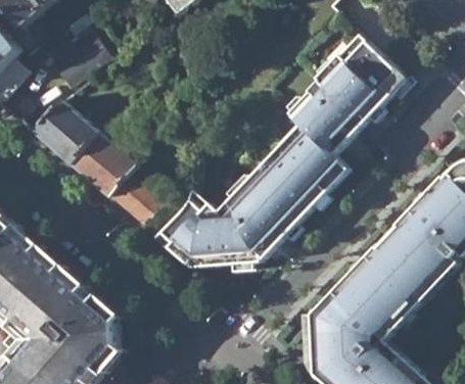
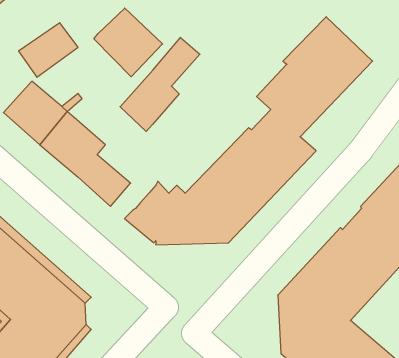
building: none -> [94,8,163,77]
building: none -> [120,37,200,131]

